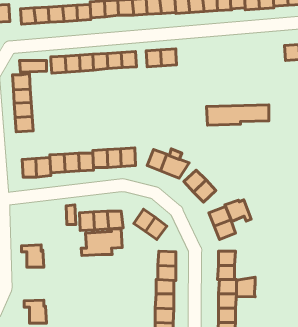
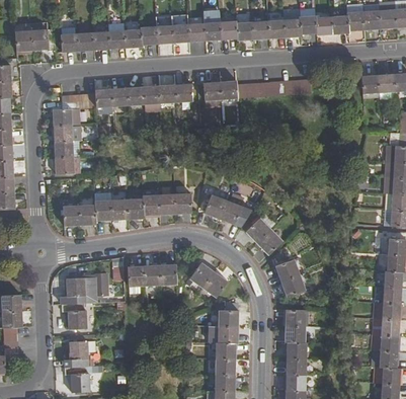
building: [207,105,269,125] -> [239,79,310,102]
building: [225,200,251,221] -> none
building: [81,229,122,255] -> [61,273,107,304]
building: [236,277,255,297] -> none
building: none -> [64,341,88,367]

